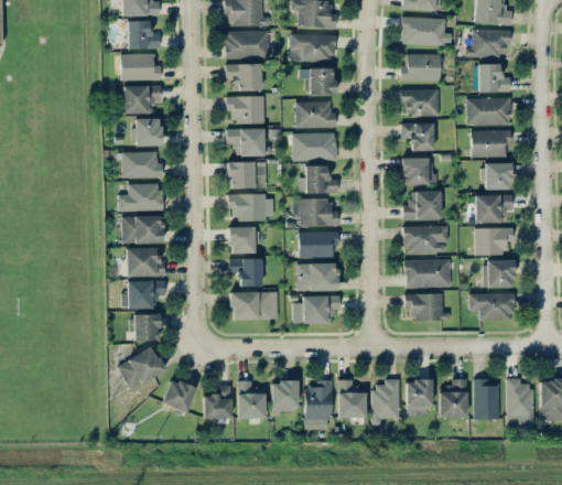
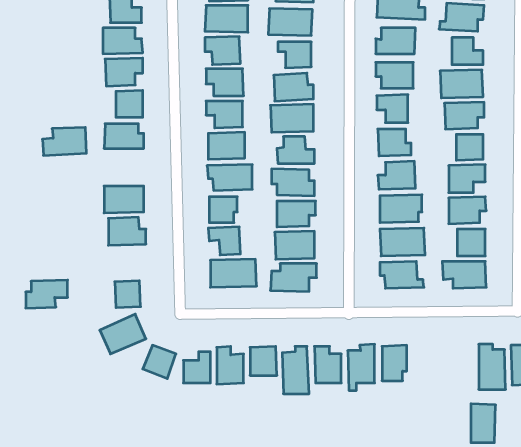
building: [117,183,162,212] -> [42,127,86,155]
building: [121,280,164,309] -> [26,280,68,308]
building: [439,379,467,418] -> none
building: [474,379,499,419] -> [471,404,496,443]

